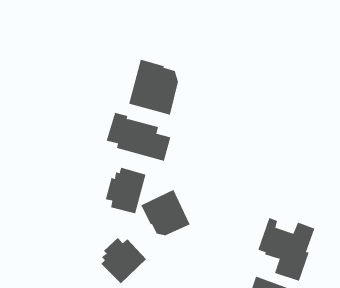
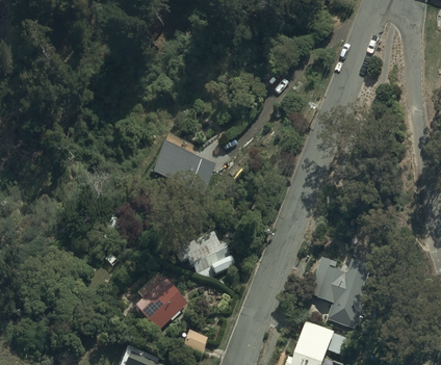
building: [128,59,179,115] -> none
building: [105,167,146,214] -> none

